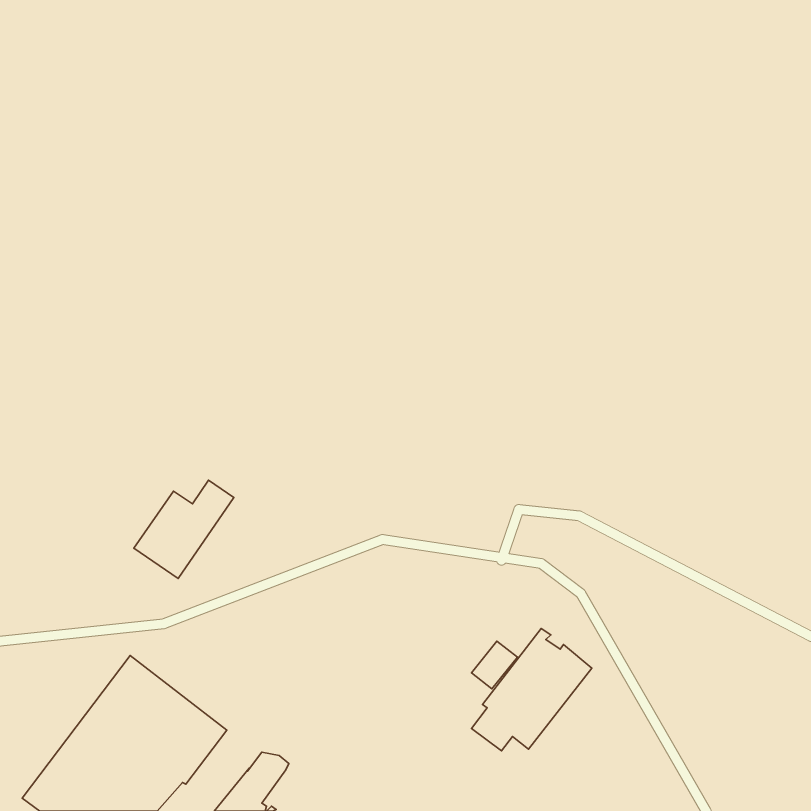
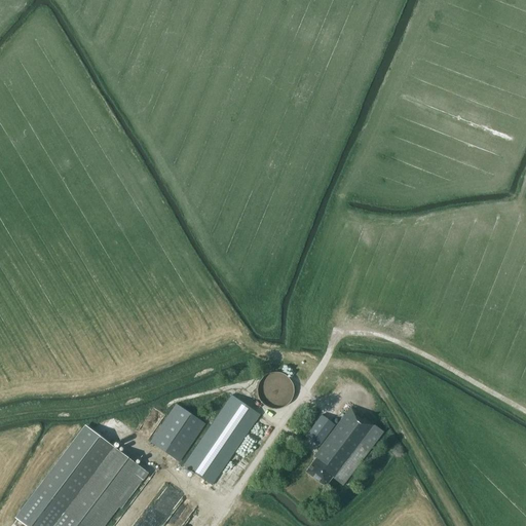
building: [134,480,234,578] -> [150,398,215,461]
building: none -> [263,375,292,406]
building: none -> [183,396,259,485]

